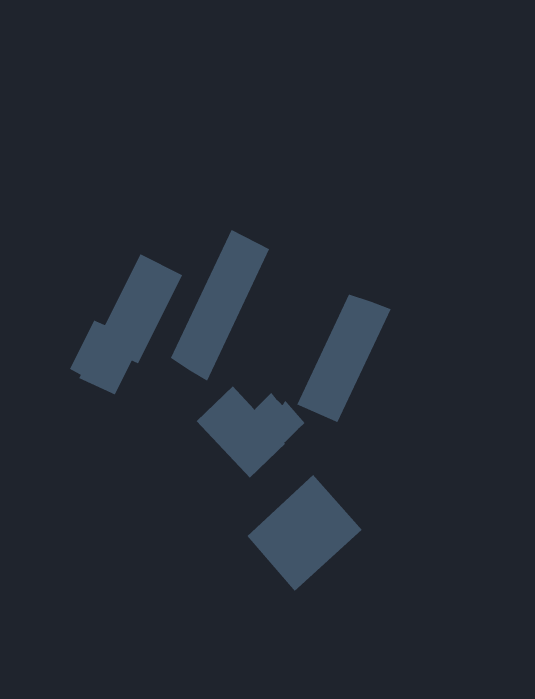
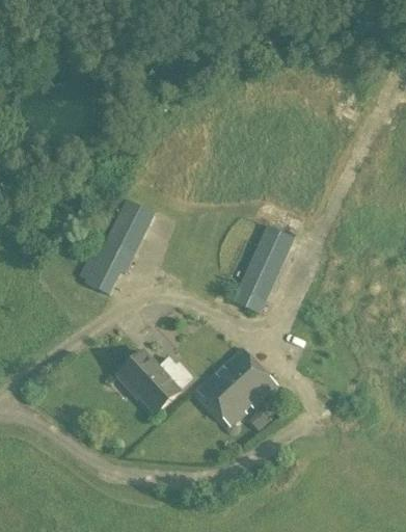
building: [170,229,270,382] -> none
building: [196,386,305,478] -> [117,352,191,415]

